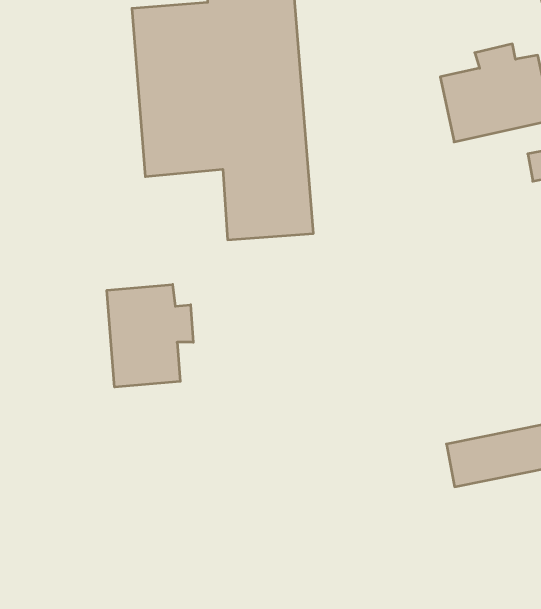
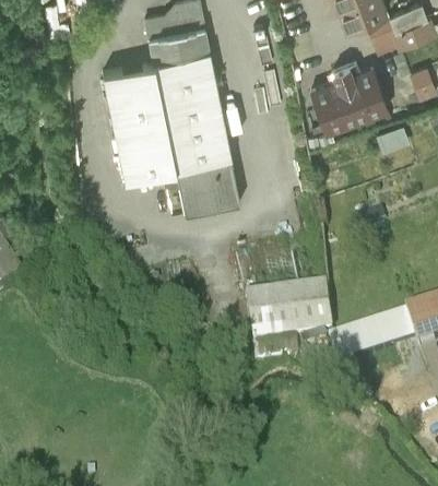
building: [107,284,193,387] -> none
building: none -> [245,285,332,343]

